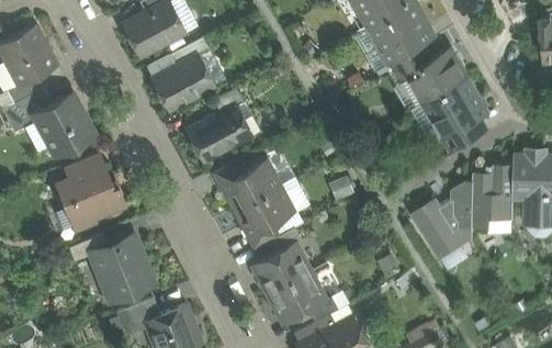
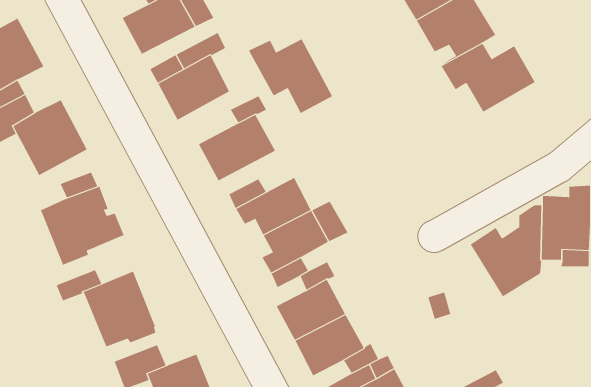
building: [351,26,401,72] -> none
building: none -> [249,39,333,114]
building: [424,78,487,148] -> none

